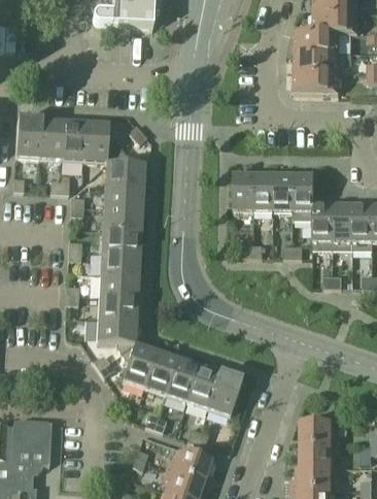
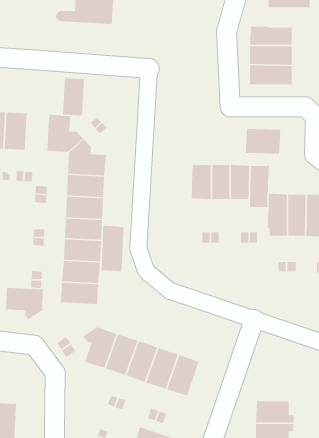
building: [313,10,357,32] -> none
building: [61,120,84,160] -> [62,78,85,116]
building: none -> [245,128,281,155]
building: none -> [101,225,125,272]
building: [96,318,136,353] -> [5,287,44,321]

